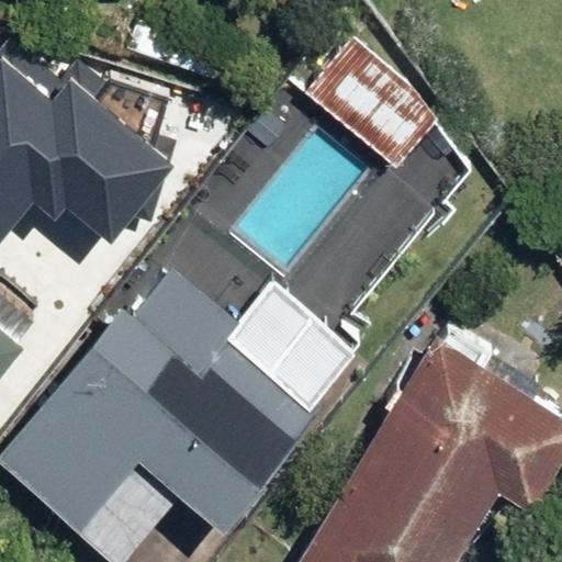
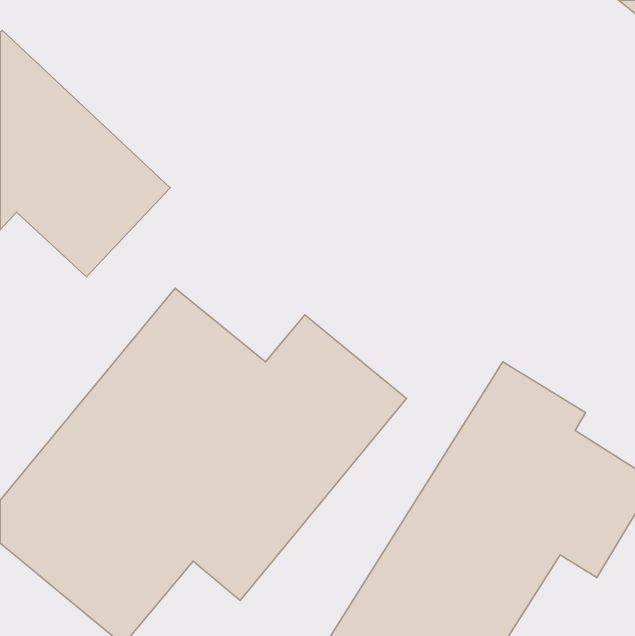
building: [304,40,449,179] -> none

